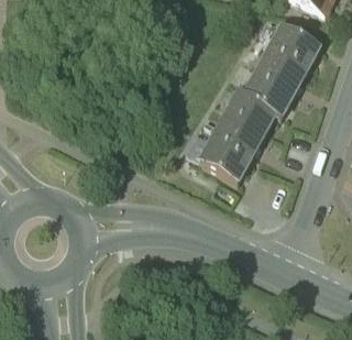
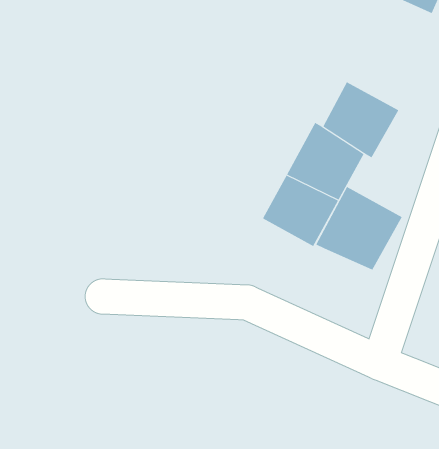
building: [262,26,319,83] -> none
building: none -> [316,186,403,271]

